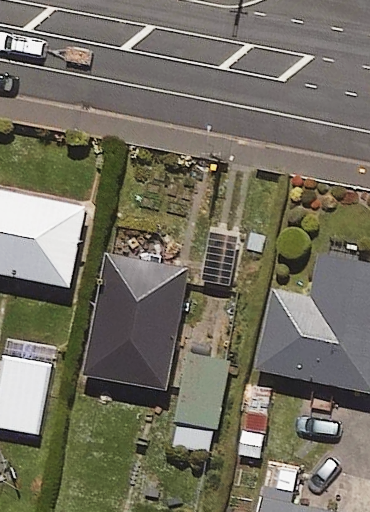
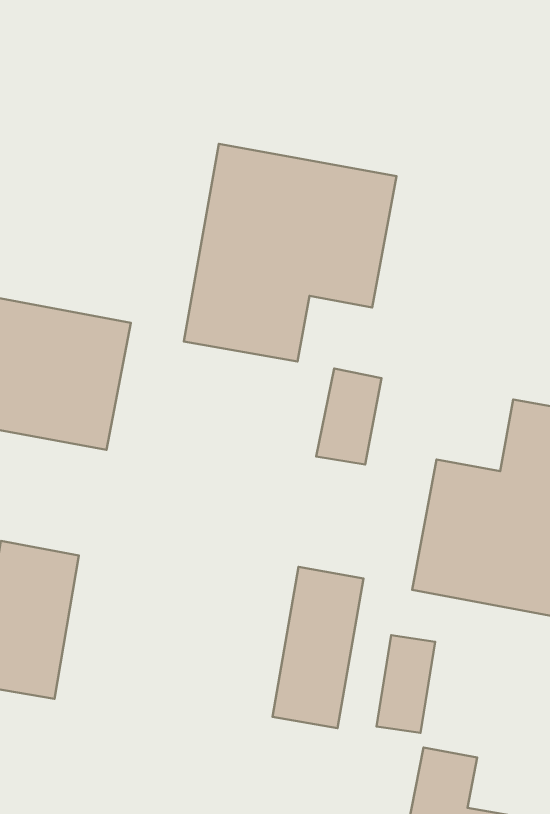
building: none -> [184,144,396,362]
building: [83,255,188,390] -> none

